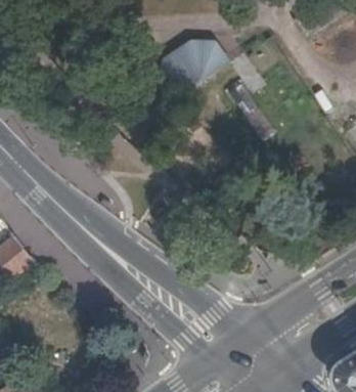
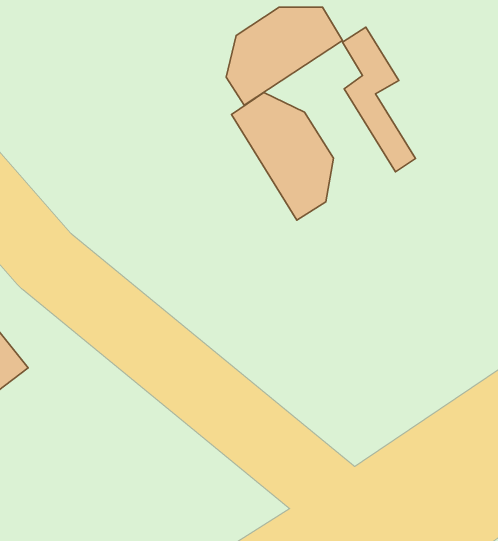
building: none -> [231,92,333,220]

